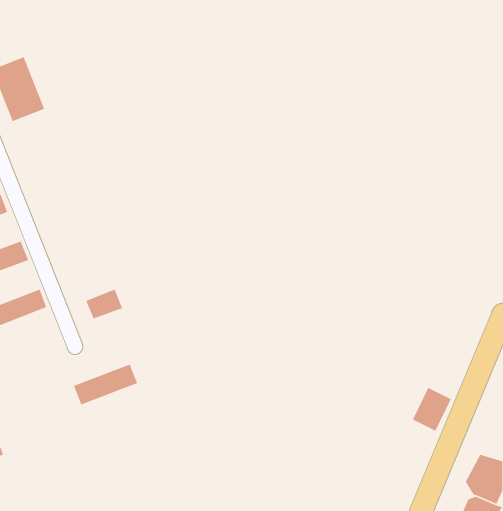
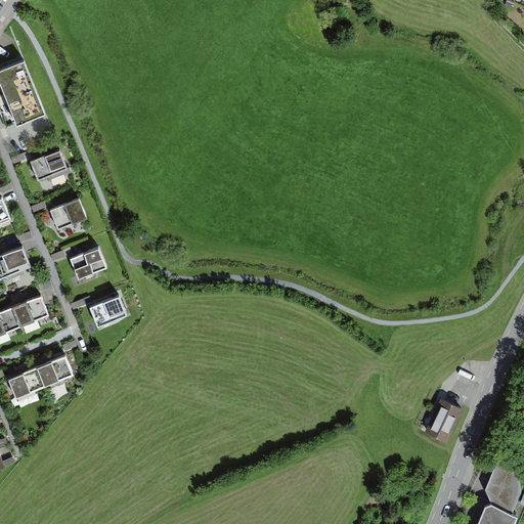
building: none -> [28,148,69,180]
building: none -> [47,199,88,229]
building: none -> [69,247,107,280]
building: [73,363,138,406] -> [5,355,72,398]

